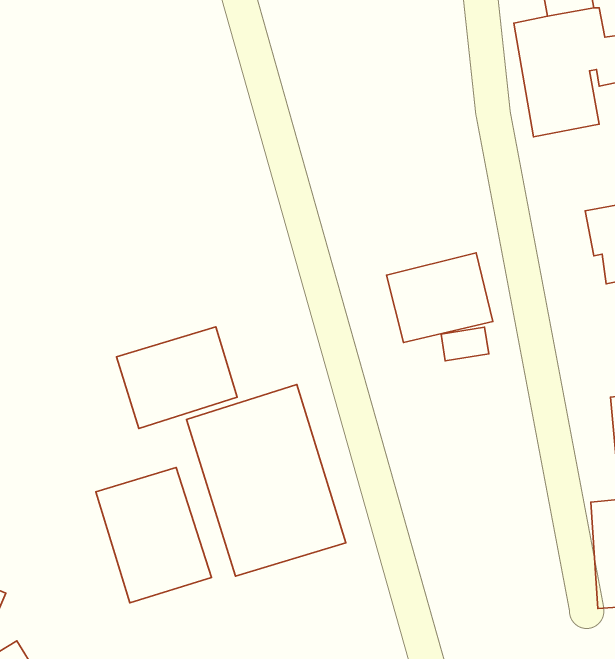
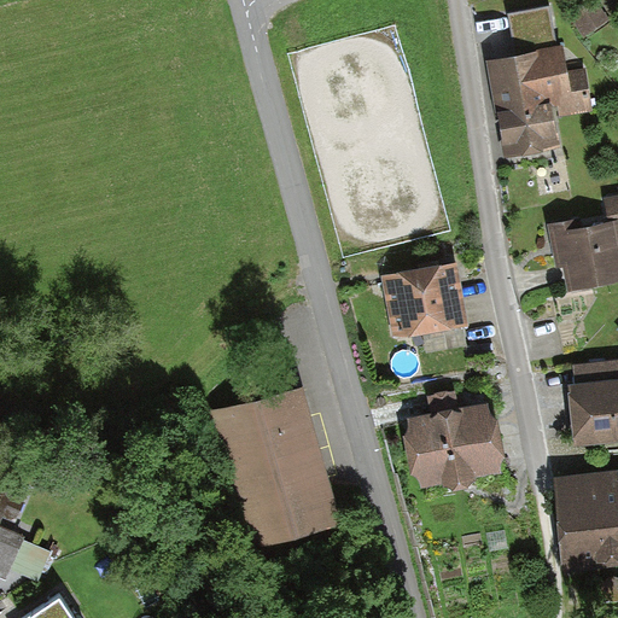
building: [117,327,237,429] -> none
building: none -> [403,402,505,489]
building: [96,467,211,603] -> none

